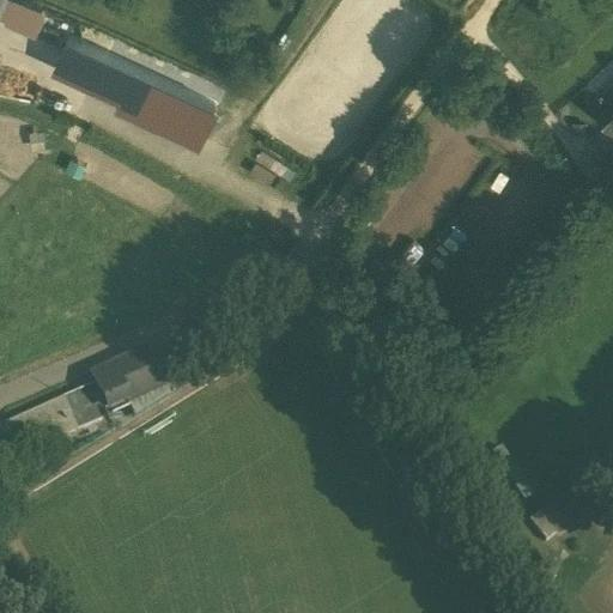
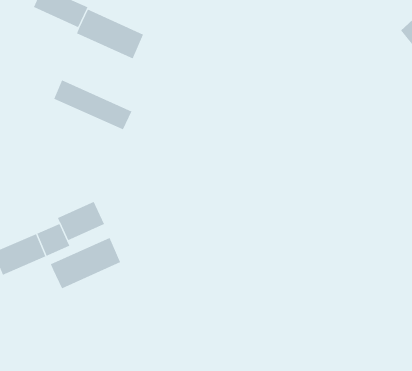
building: none -> [54,80,132,130]
building: none -> [50,237,121,289]

